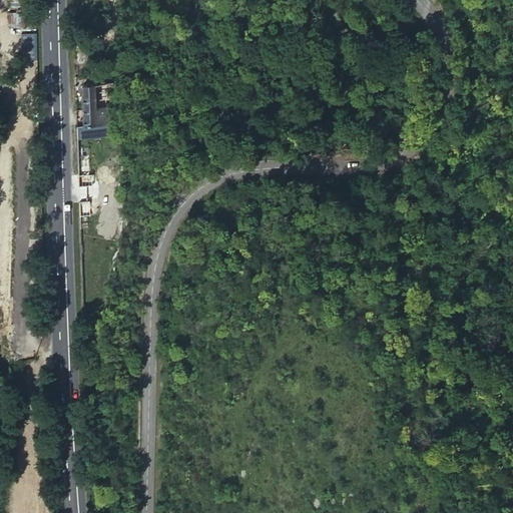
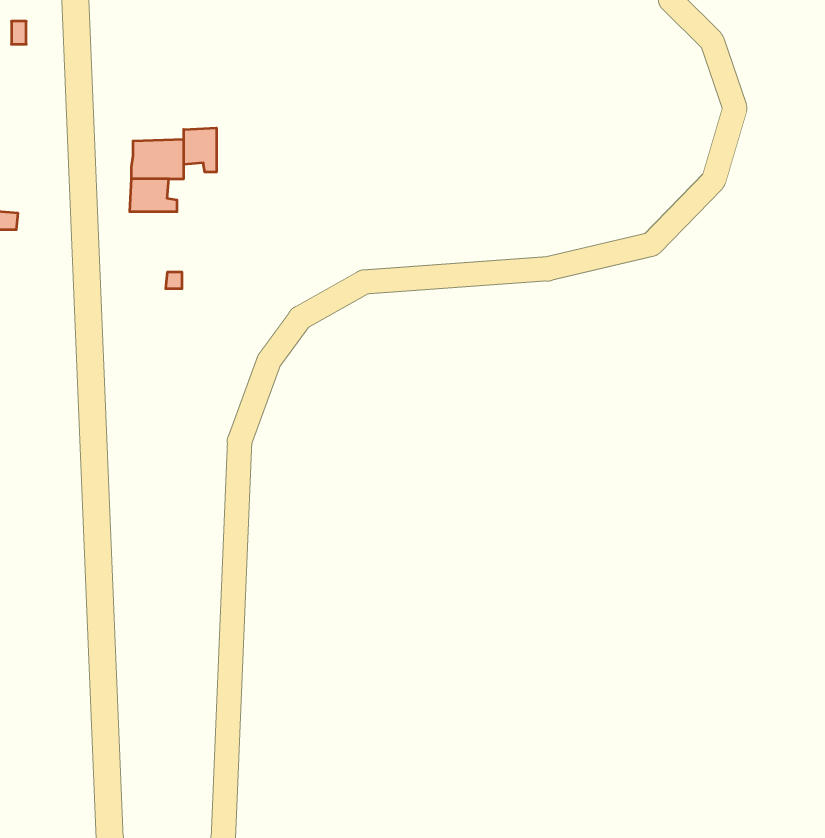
building: none -> [184,128,216,172]

